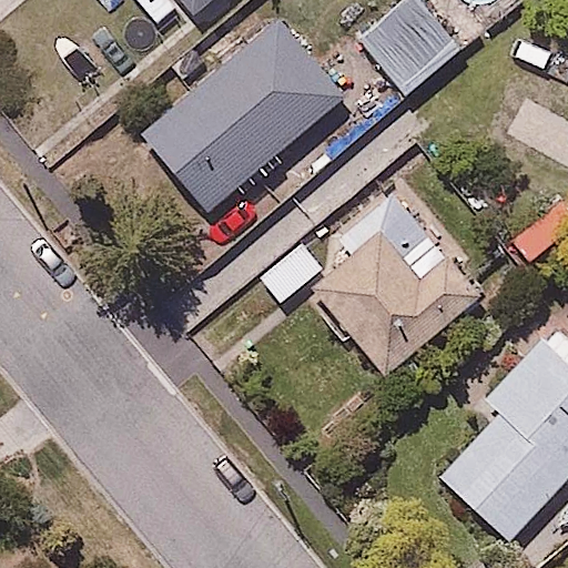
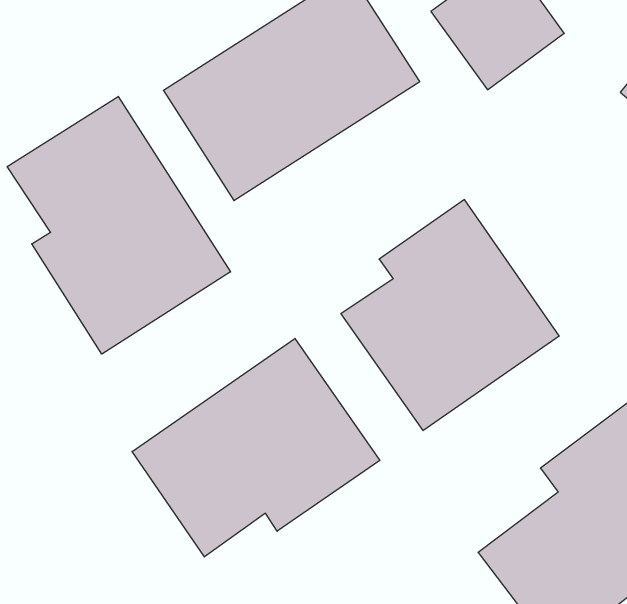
building: none -> [7,96,231,354]
building: none -> [132,338,380,557]

